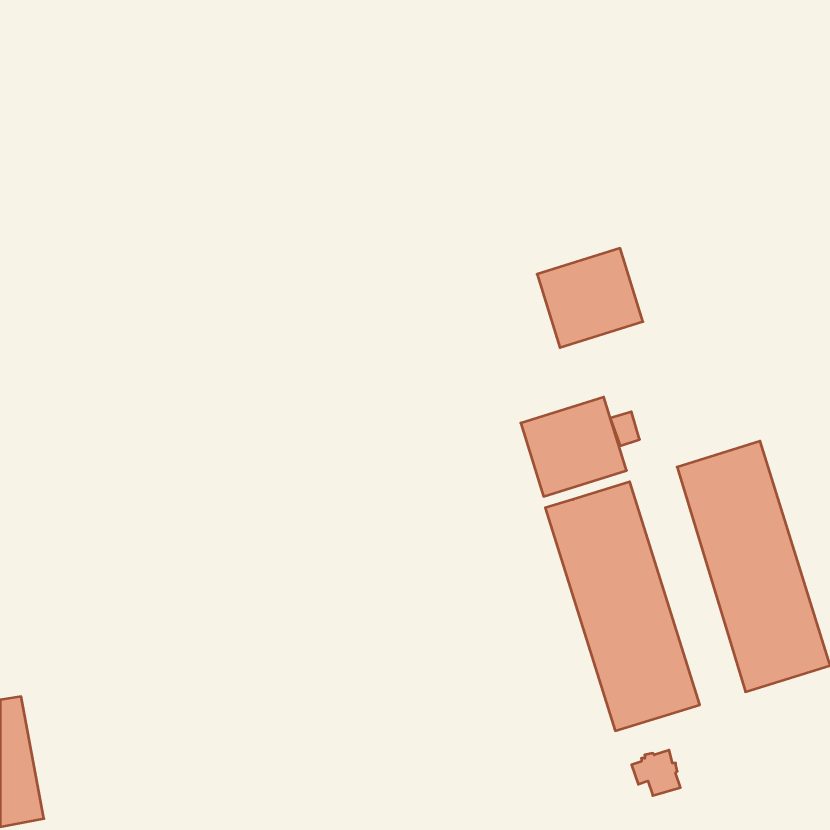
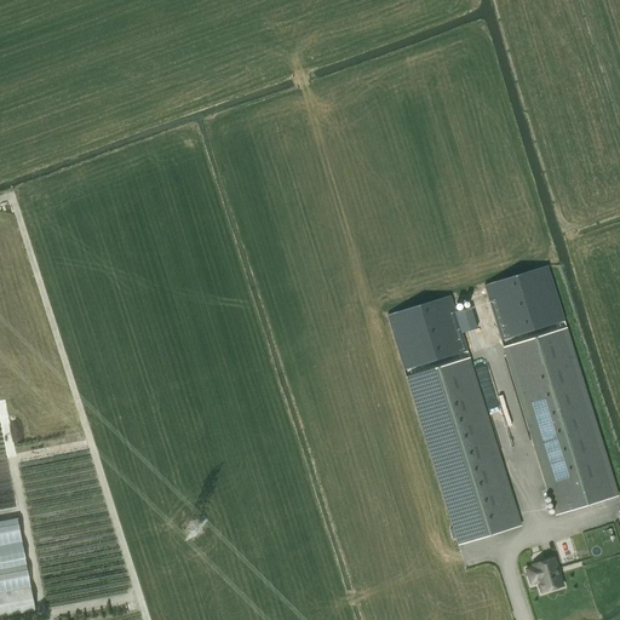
building: [537,248,643,348] -> [486,265,564,339]
building: [632,750,680,796] -> [527,557,563,591]

